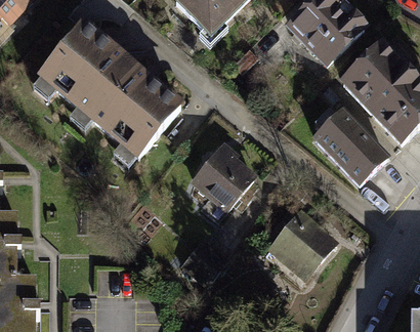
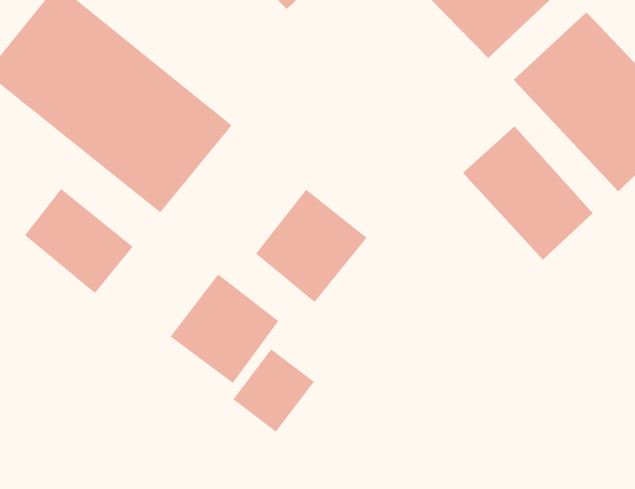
building: none -> [24,188,133,294]
building: none -> [170,273,279,384]
building: [263,207,337,281] -> none

